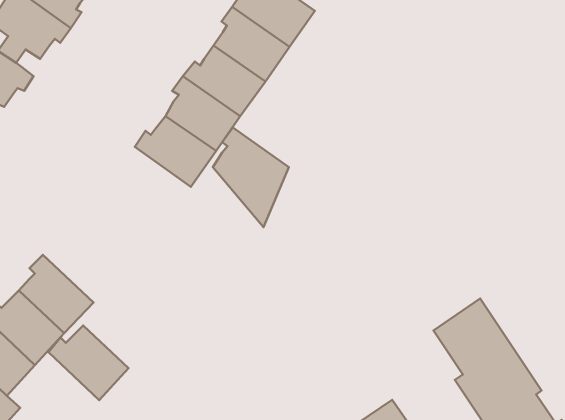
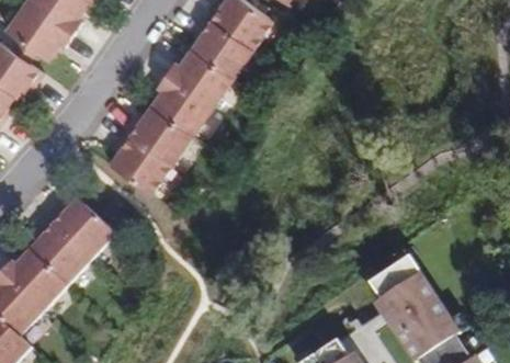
building: [213,127,289,227] -> [110,132,172,214]
building: [48,325,128,400] -> [50,198,116,260]

